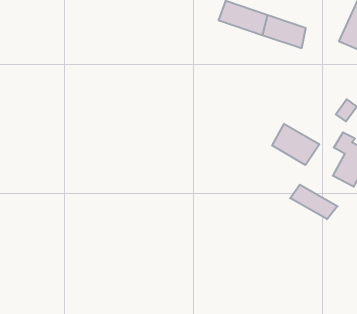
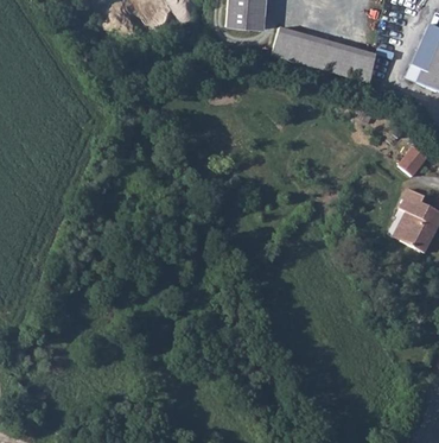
building: [272,124,319,165] -> none
building: [290,185,338,219] -> none

